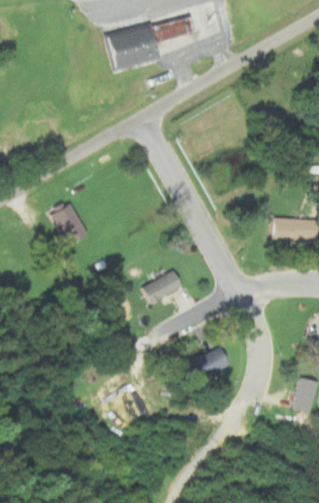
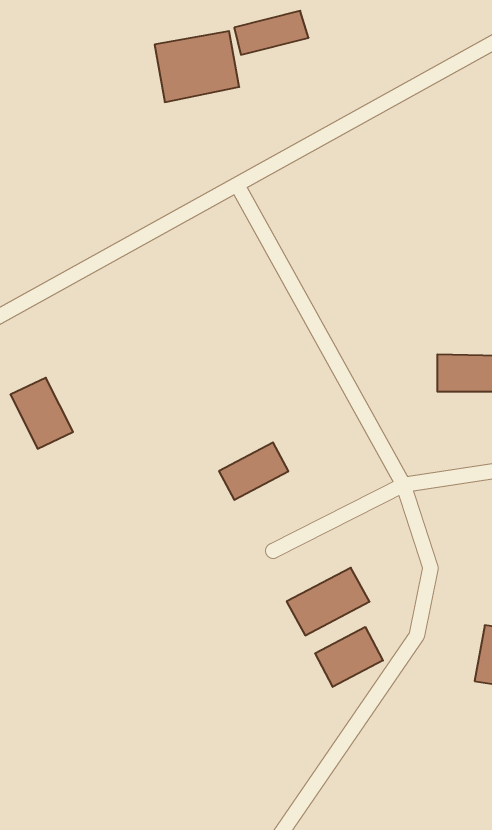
building: [55,202,92,244] -> [10,378,73,449]
building: none -> [315,627,383,687]

